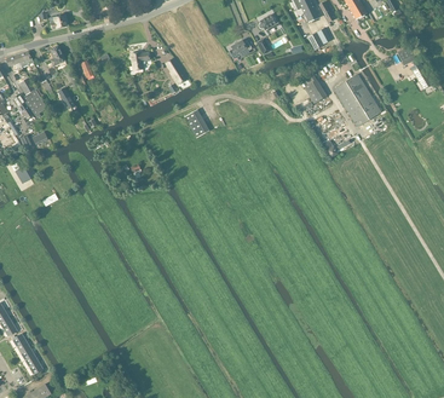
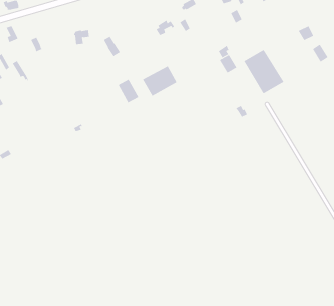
building: none -> [142,65,178,96]

